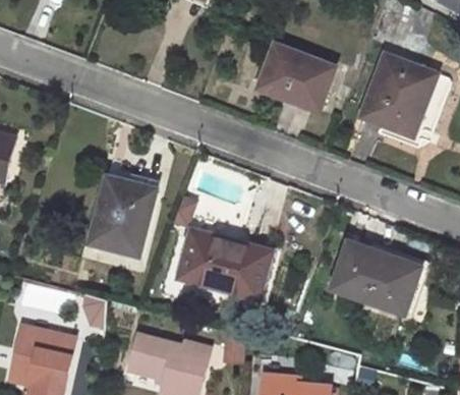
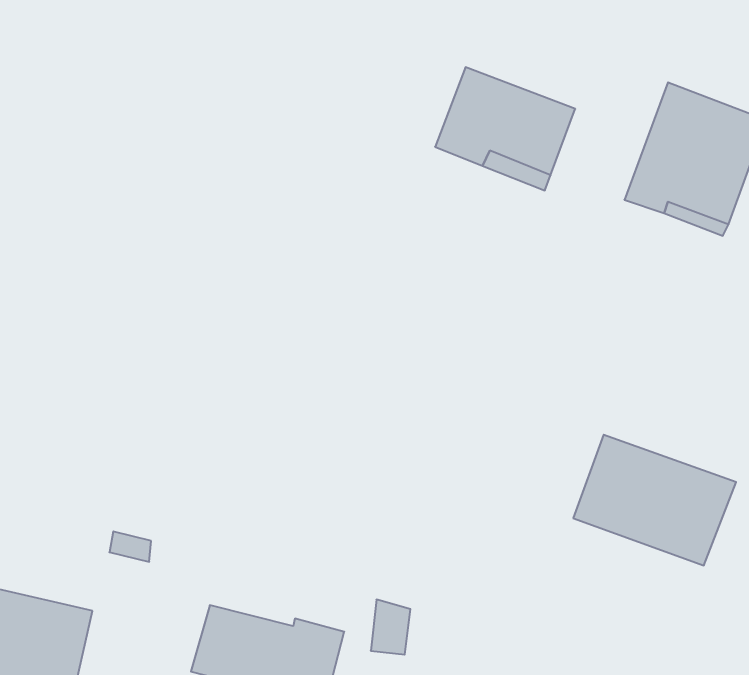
building: [89,175,158,258] -> none
building: [179,234,271,300] -> none

